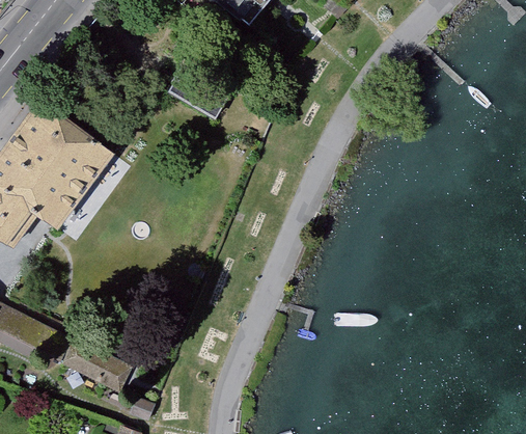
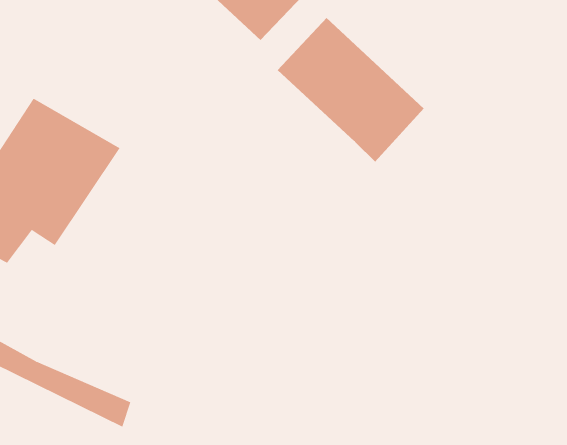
building: none -> [277,17,425,163]

